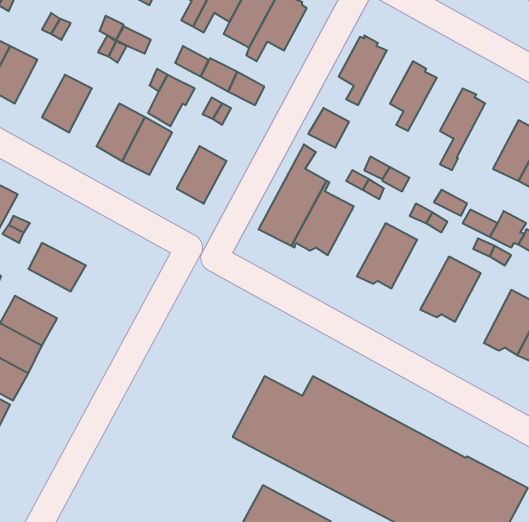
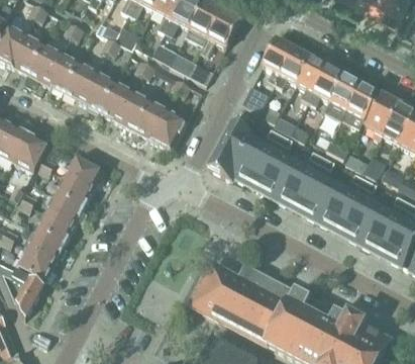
building: none -> [275,47,311,87]
building: none -> [45,53,79,91]
building: none -> [308,65,344,104]
building: none -> [82,72,115,110]
building: none -> [340,82,378,127]
building: none -> [135,101,169,139]
building: none -> [254,151,293,197]
building: none -> [64,157,102,190]
building: none -> [297,173,335,219]
building: none -> [45,192,83,225]
building: none -> [339,195,377,242]

